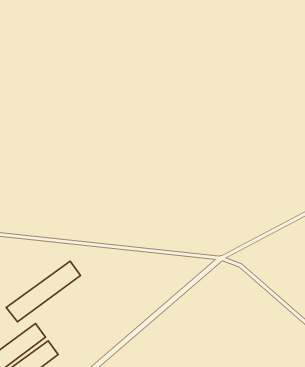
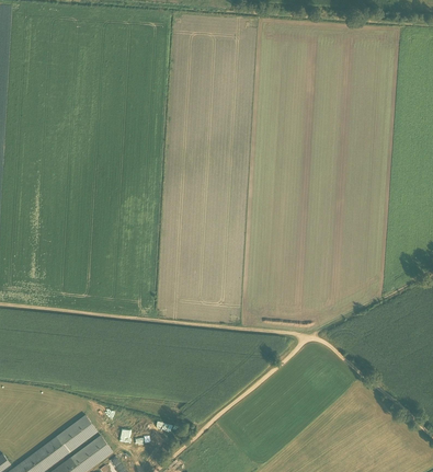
building: [6,261,80,322] -> none

